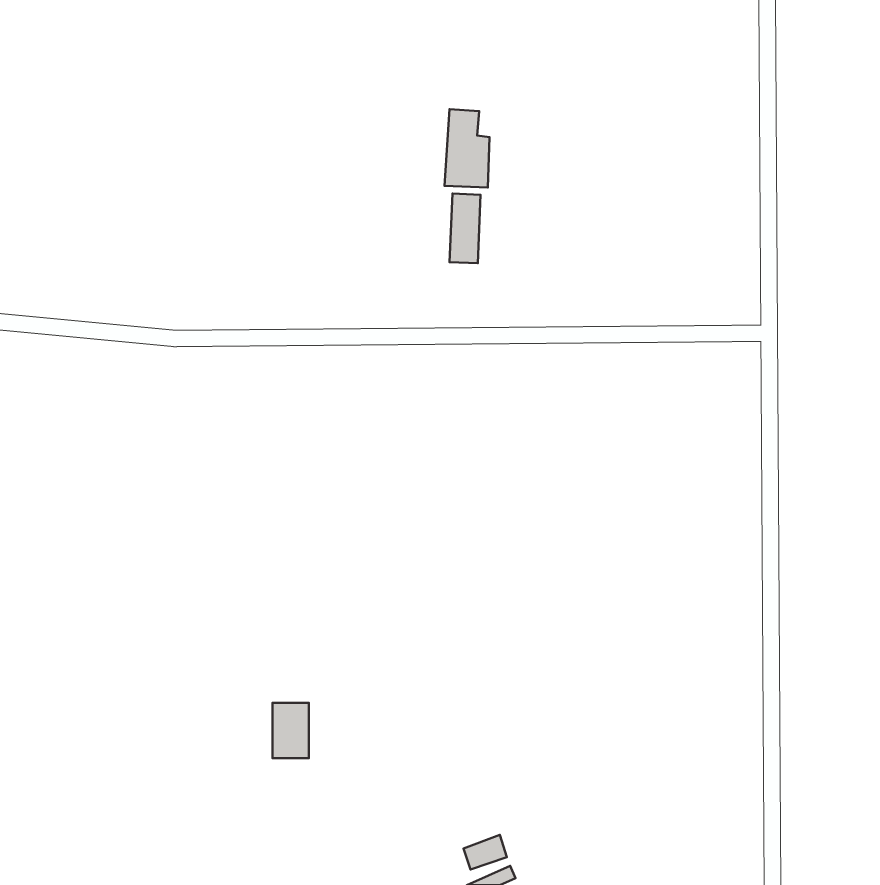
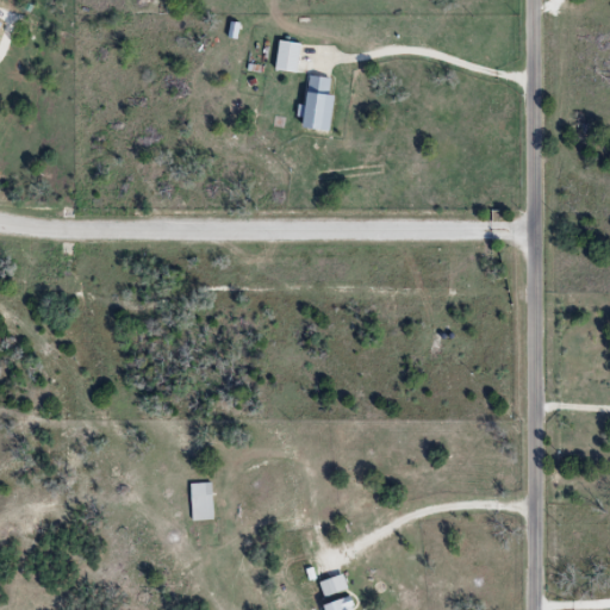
building: none -> [275,39,300,71]
building: [450,194,481,263] -> none

